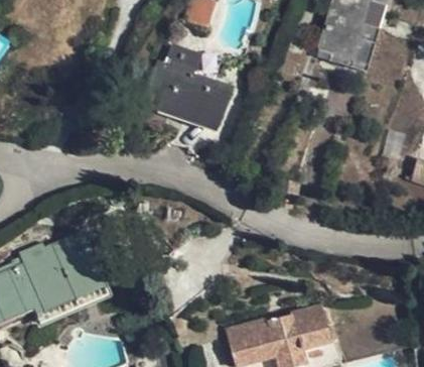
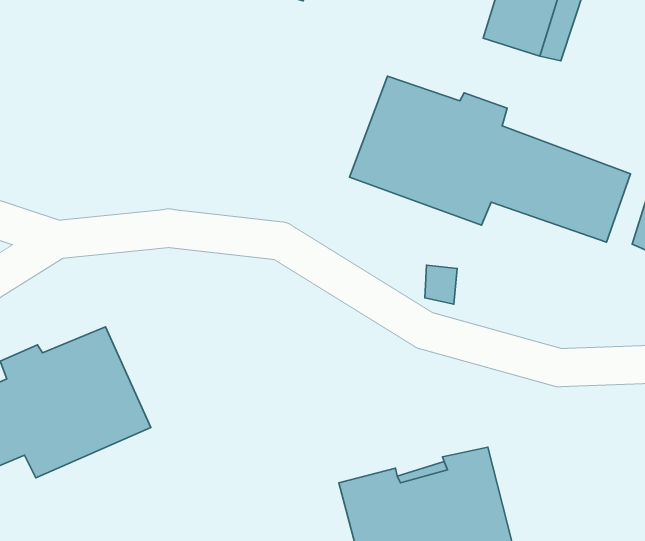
building: [141,42,230,131] -> none
building: none -> [349,76,631,242]

